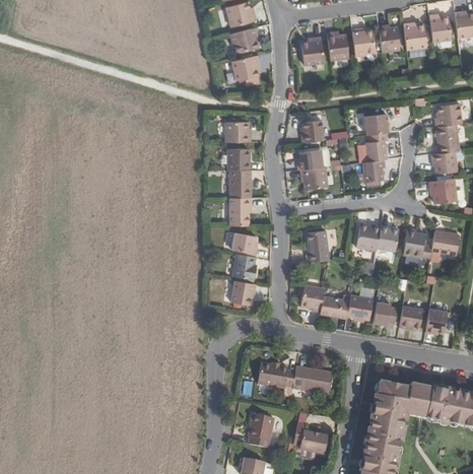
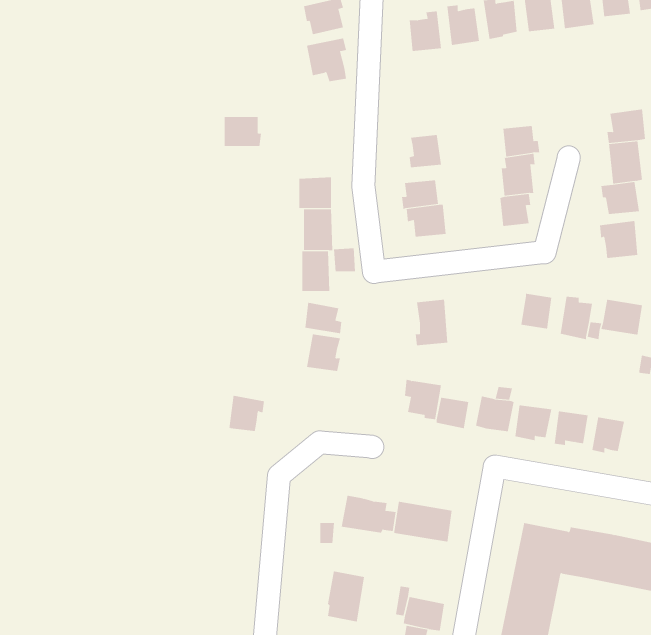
building: [225,122,251,142] -> [224,116,262,147]
building: [355,227,380,251] -> none
building: [231,280,256,304] -> [228,395,265,431]

